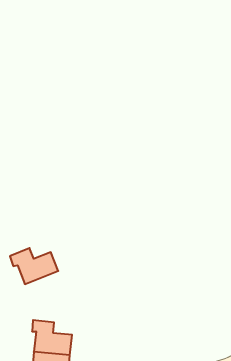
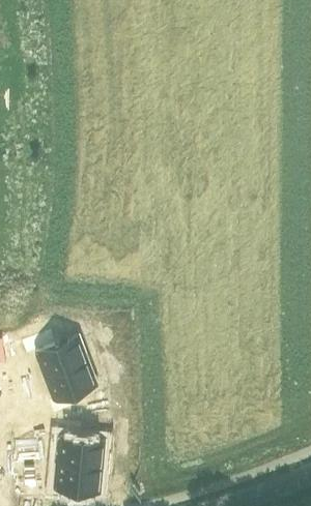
building: none -> [45,359,96,414]

